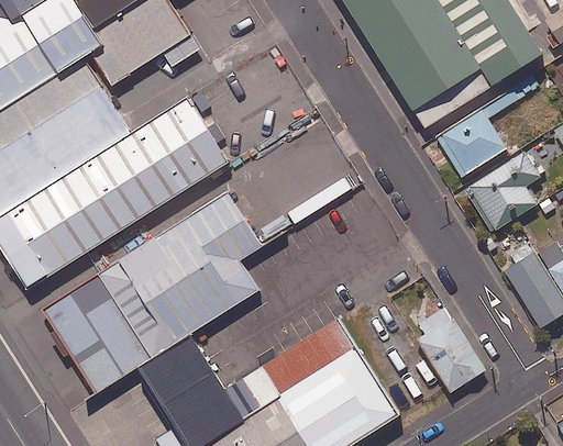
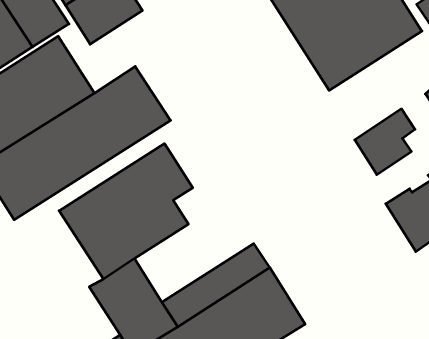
building: [430,90,511,179] -> none
building: [41,278,146,394] -> none
building: [409,306,483,390] -> none

